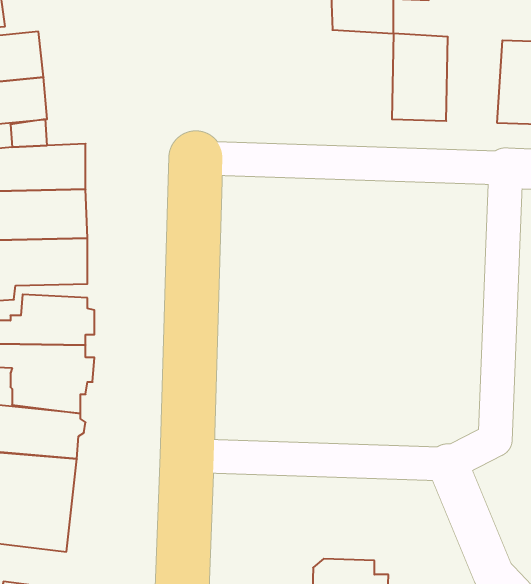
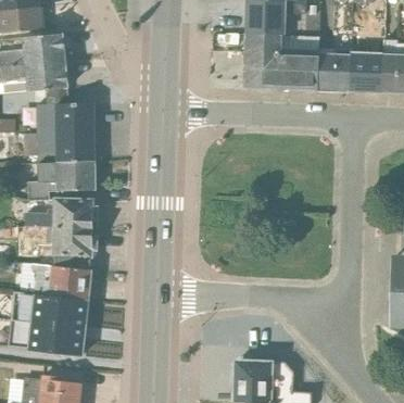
building: none -> [244,34,283,89]
building: none -> [316,49,350,91]

